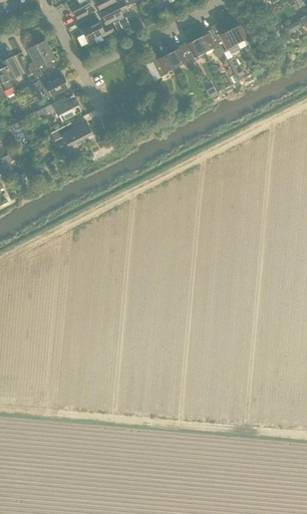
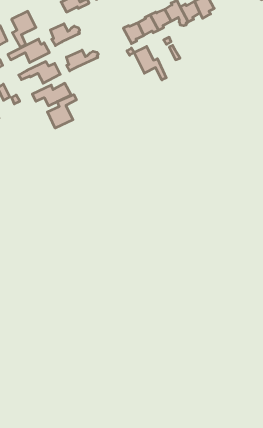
building: none -> [50,24,80,46]
building: none -> [134,46,166,80]
building: none -> [66,50,98,71]
building: none -> [47,95,76,128]

